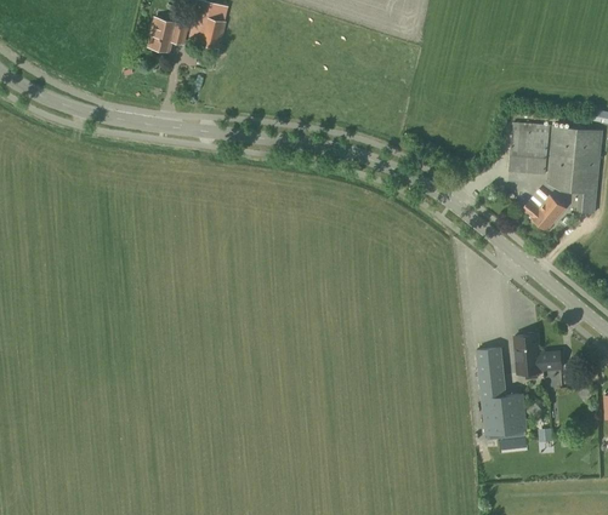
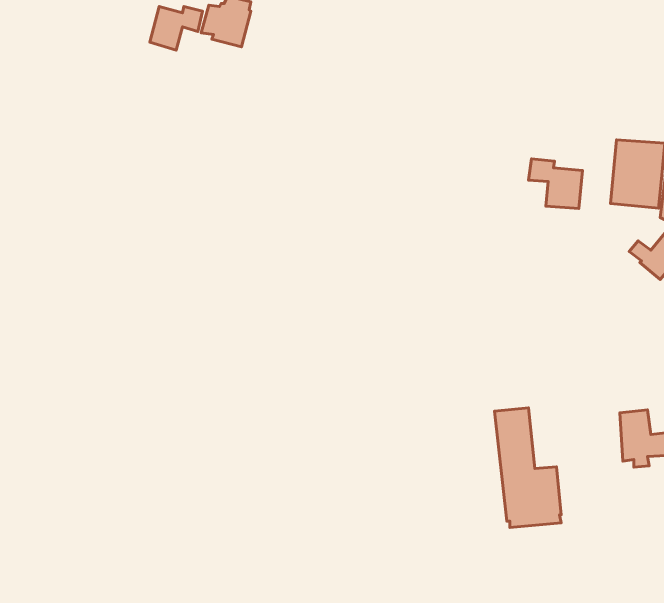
building: none -> [529,159,583,209]
building: [475,347,527,440] -> [494,408,561,527]

